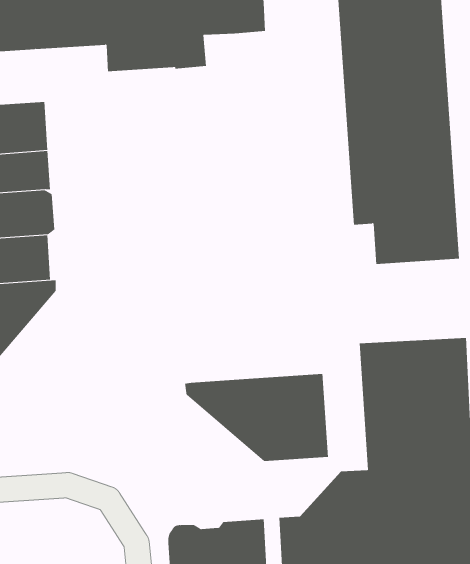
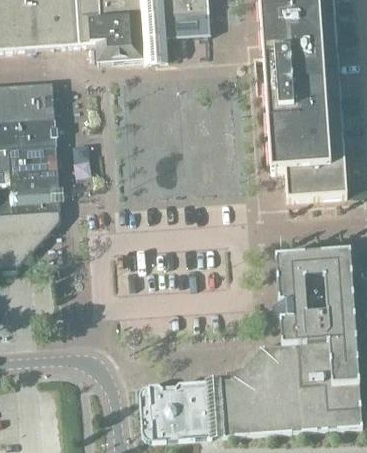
building: [185,373,329,462] -> none

